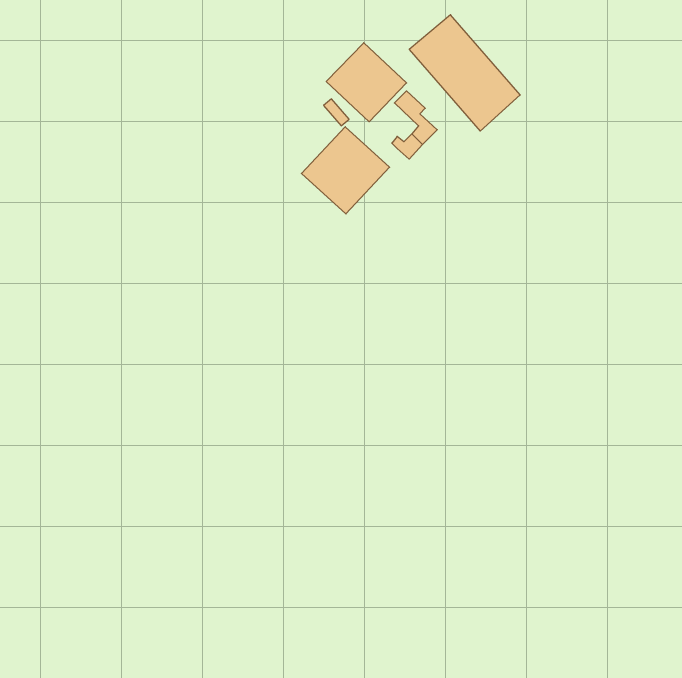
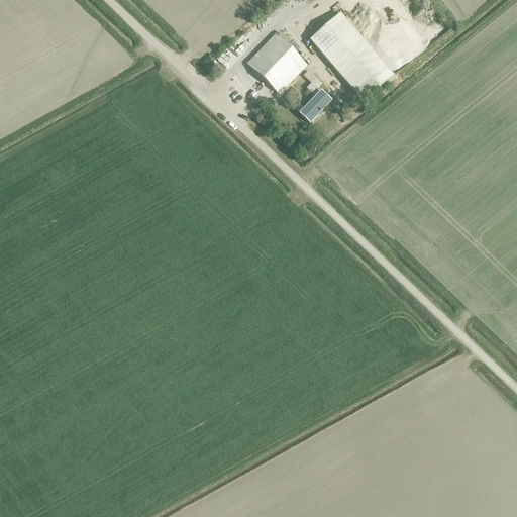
building: [301,127,390,214] -> none

